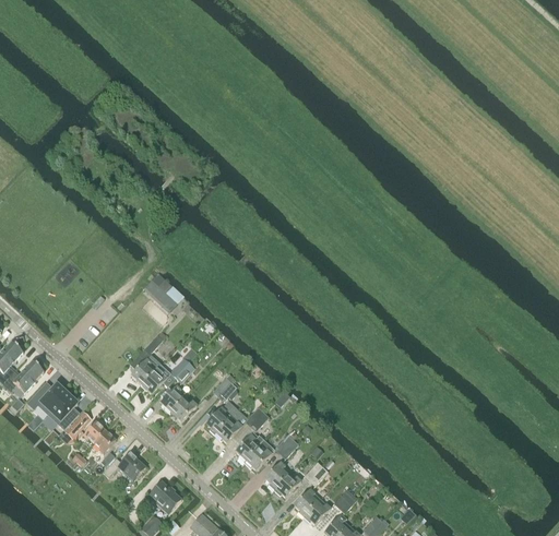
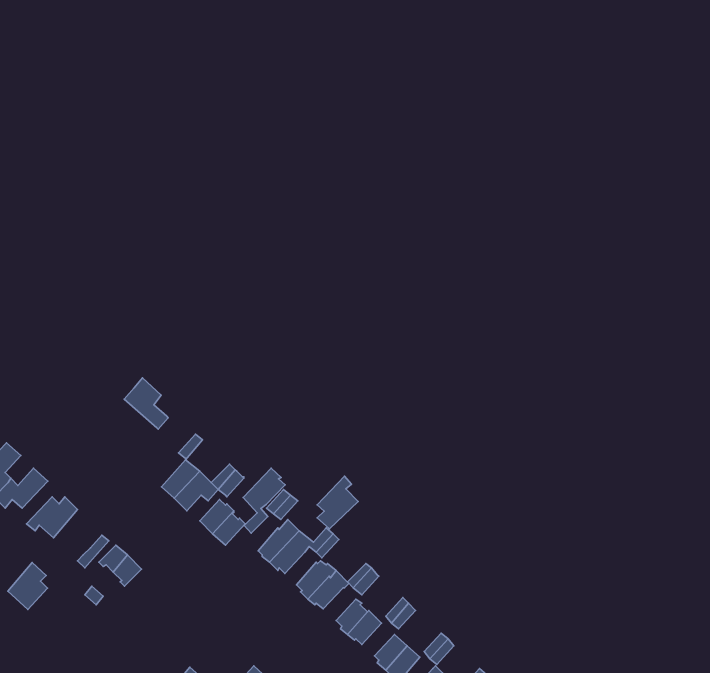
building: [144,272,178,311] -> [124,378,168,429]
building: none -> [243,468,285,533]
building: none -> [317,476,358,529]
building: [48,393,79,429] -> [8,563,48,610]
building: [103,452,146,480] -> none
building: [150,480,181,513] -> none

